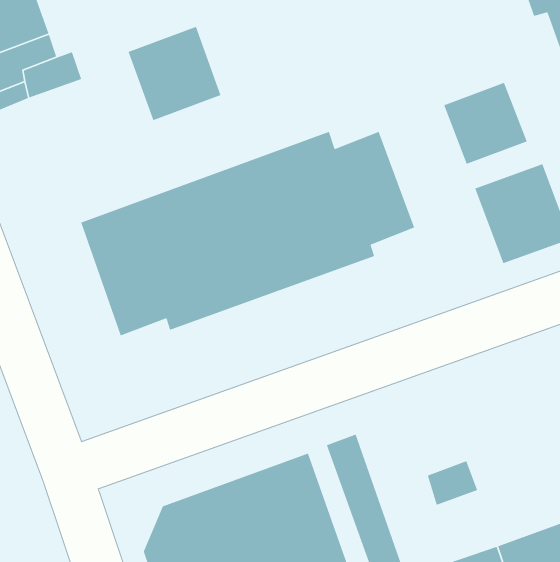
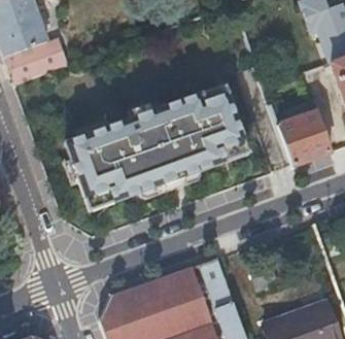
building: [128,26,222,121] -> none
building: [443,82,528,165] -> none

